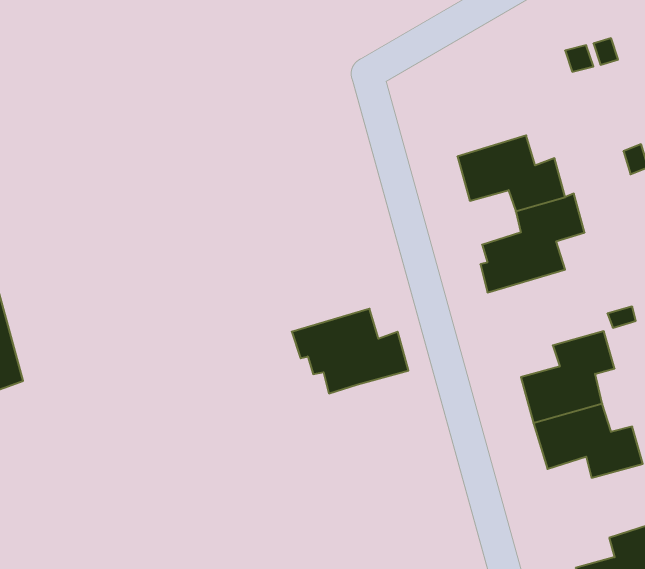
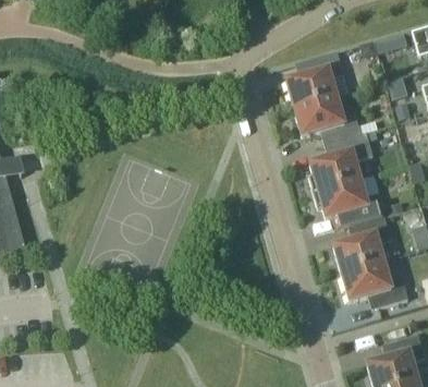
building: none -> [285,49,344,107]
building: [292,309,408,393] -> [313,177,384,229]

